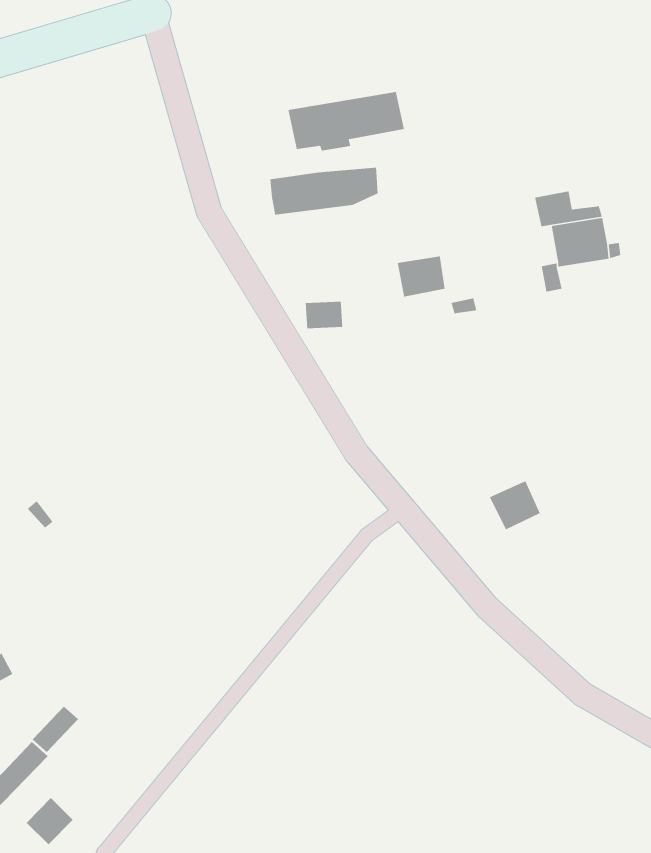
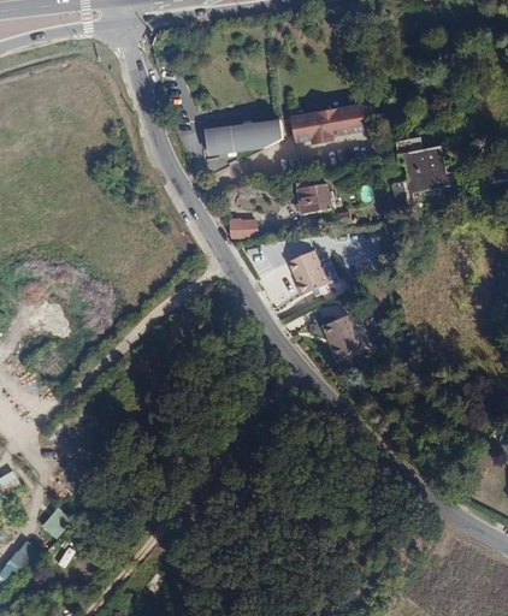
building: [288,91,405,151] -> [288,101,372,144]
building: none -> [287,249,329,292]
building: [489,480,541,530] -> [319,314,356,350]
building: [26,797,73,845] -> none

